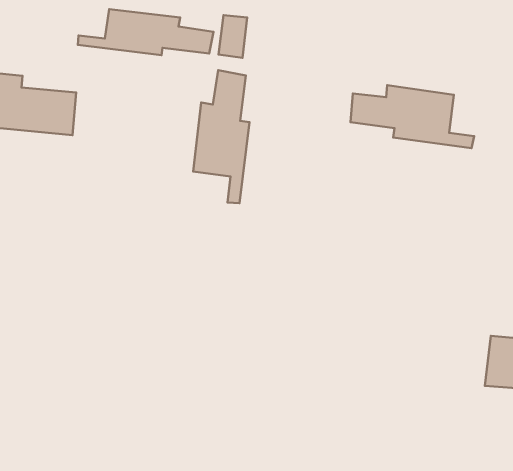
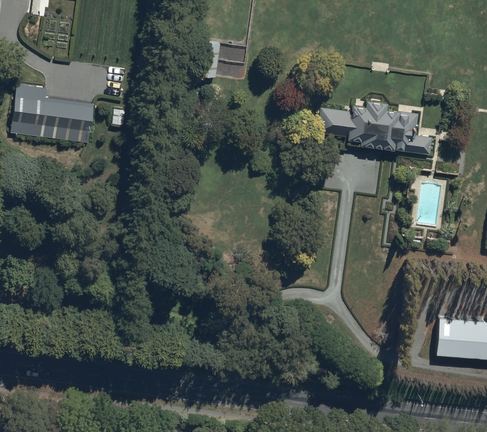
building: [78,9,214,55] -> none
building: [193,70,250,203] -> none

